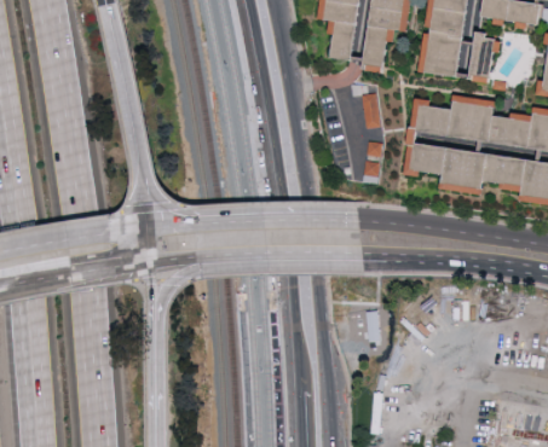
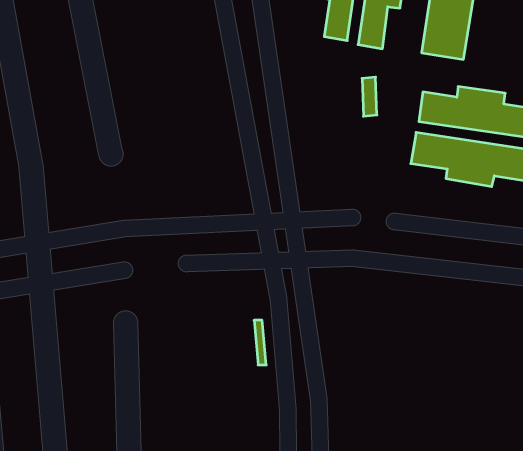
building: [468,31,496,79] -> none

